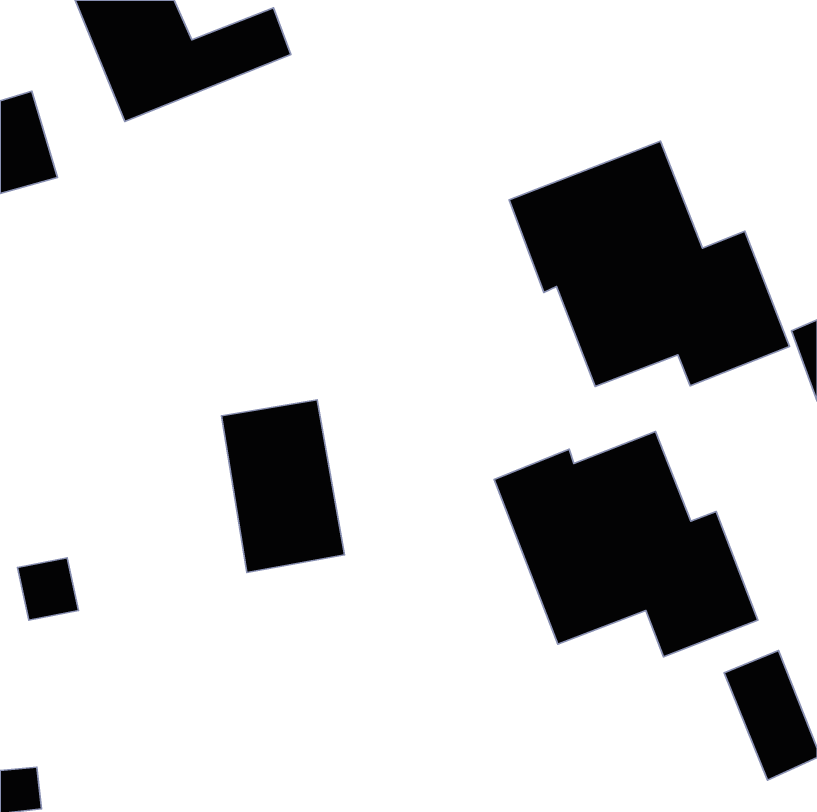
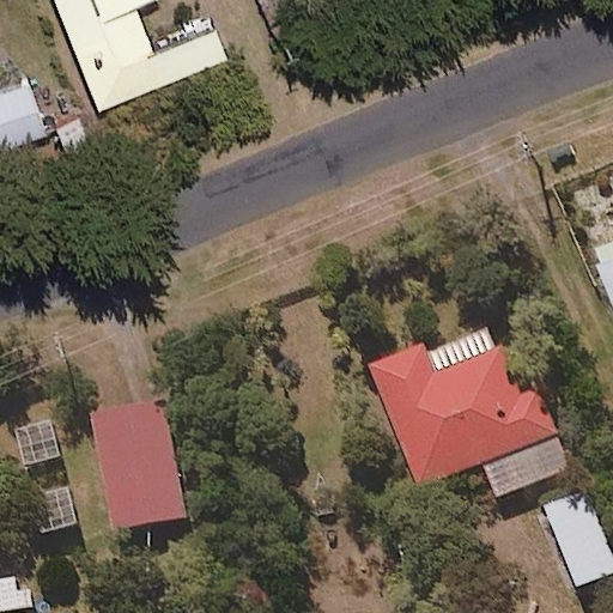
building: [509,141,790,386] -> none
building: [221,400,344,572] -> [91,402,183,532]

